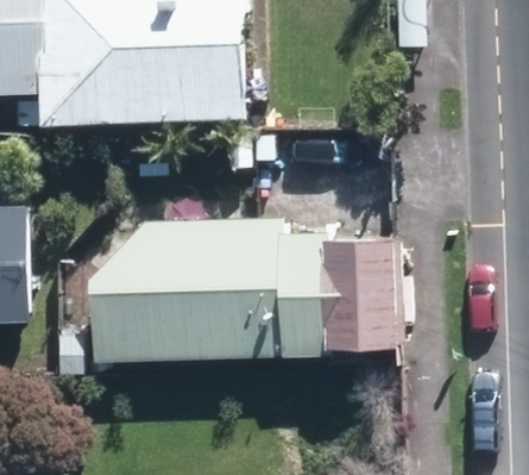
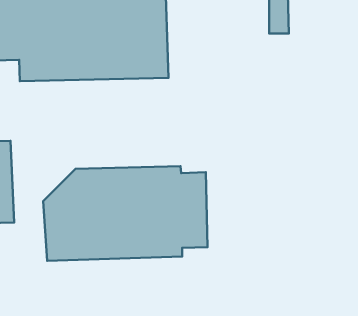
building: [301,245,377,360] -> none

